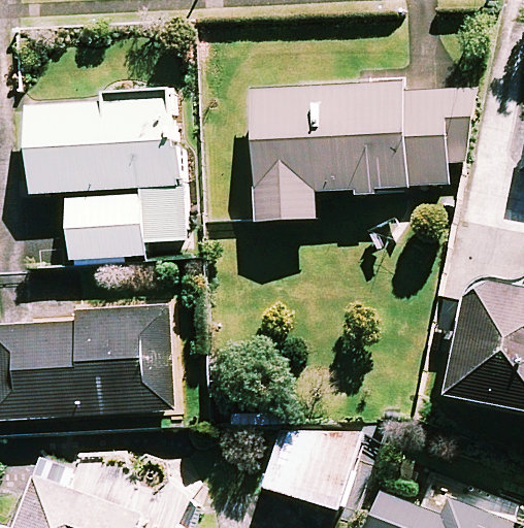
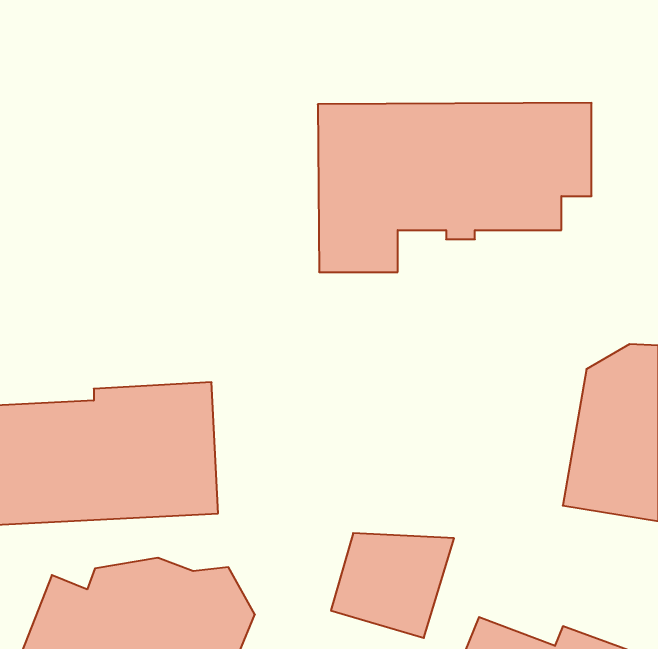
building: [24,91,183,261] -> none

